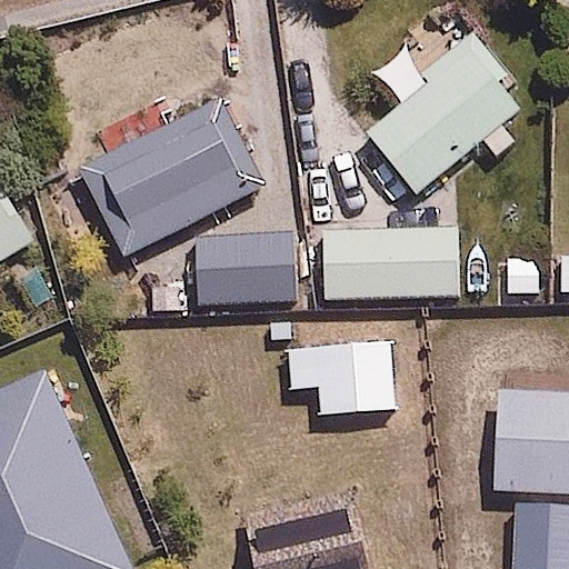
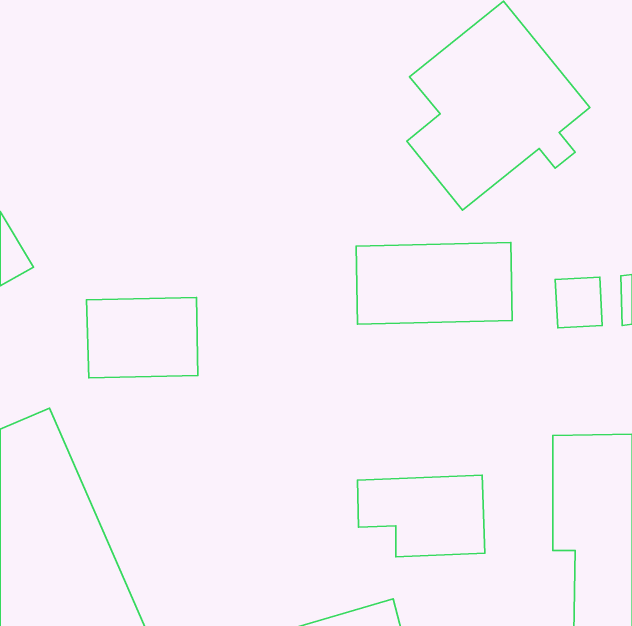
building: [79,99,261,257] -> none
building: [194,232,295,305] -> [87,297,198,378]
building: [283,343,398,417] -> [357,475,485,557]

